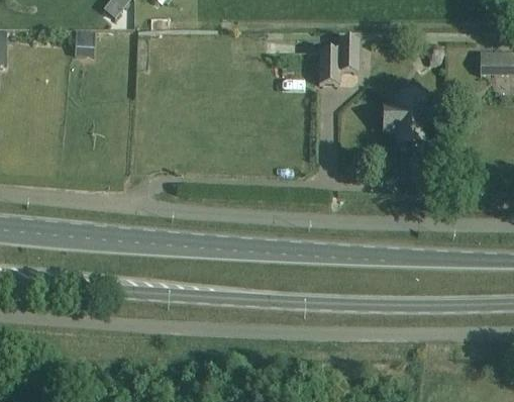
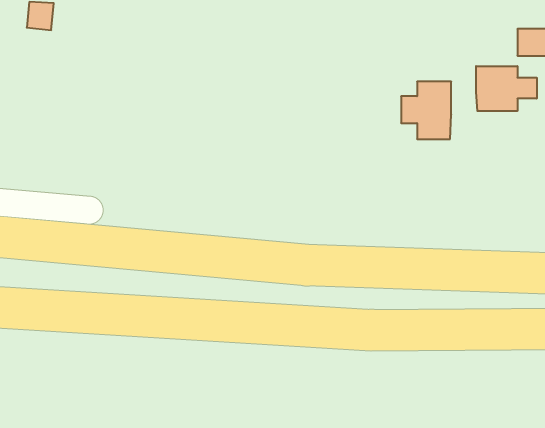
building: [318,37,358,82] -> none
building: none -> [476,66,537,111]

